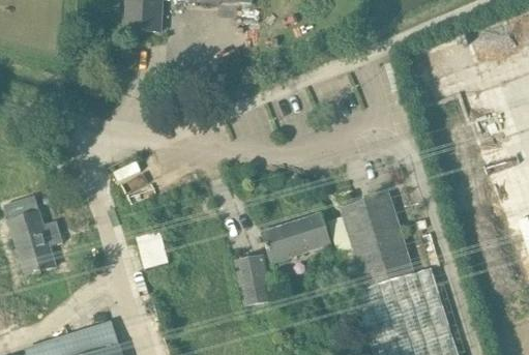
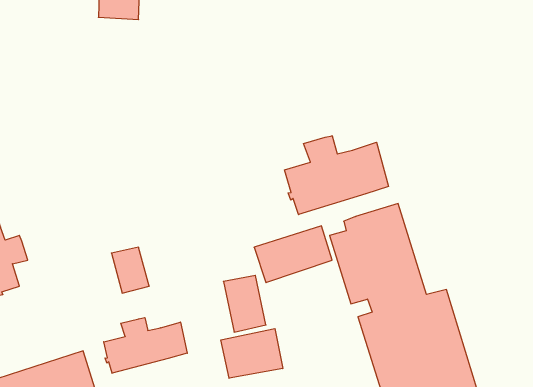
building: none -> [285,136,388,215]
building: none -> [104,318,187,373]
building: none -> [221,329,283,378]

